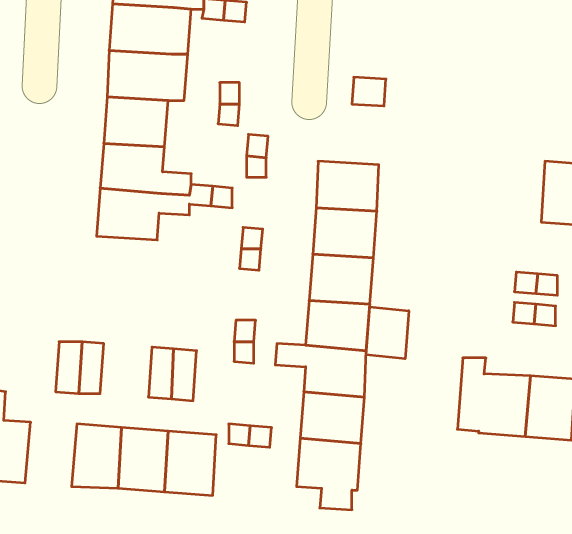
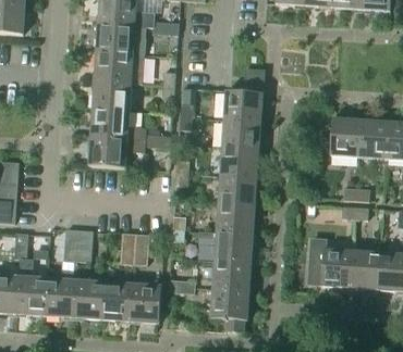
building: none -> [222,90,261,122]
building: none -> [329,117,361,156]
building: [366,307,409,359] -> none
building: none -> [44,278,75,317]

